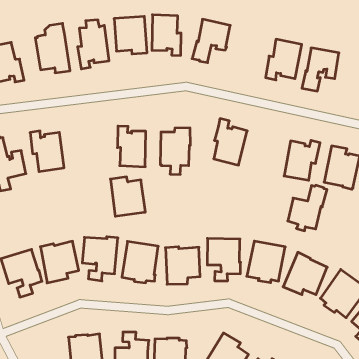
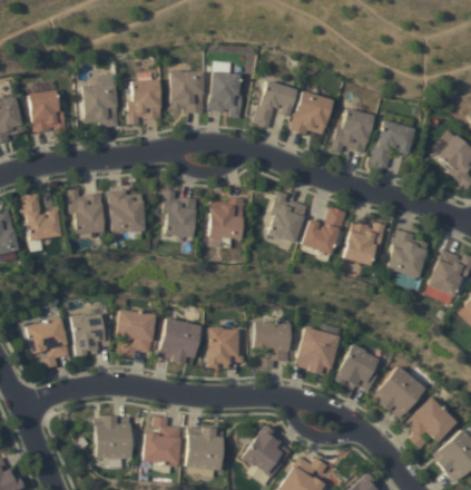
building: none -> [290,90,333,135]
building: [110,177,145,216] -> [108,189,144,232]
building: [288,185,327,231] -> [301,207,346,256]

